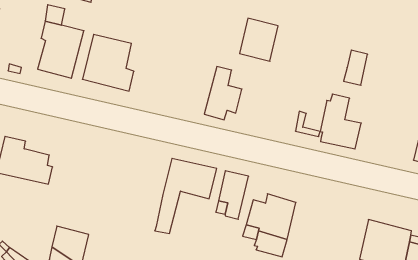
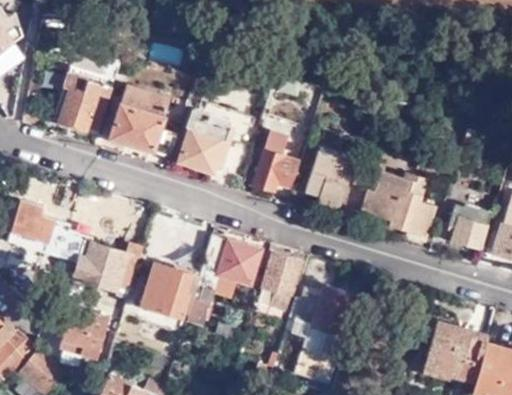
building: [240,18,278,61] -> [306,150,353,202]
building: [344,50,368,85] -> [367,172,397,214]
building: none -> [178,112,233,173]
building: none -> [449,203,492,250]
building: none -> [64,238,144,298]
building: none -> [141,263,198,317]

